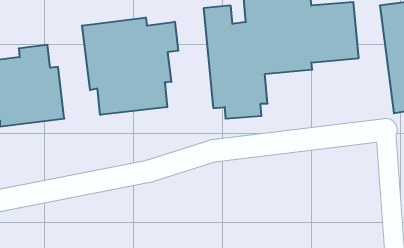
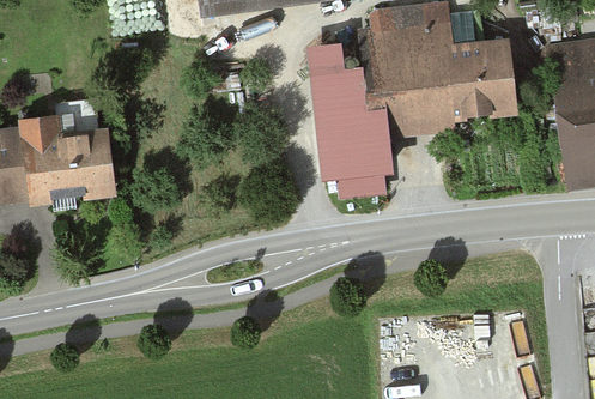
building: [82,17,178,115] -> none

